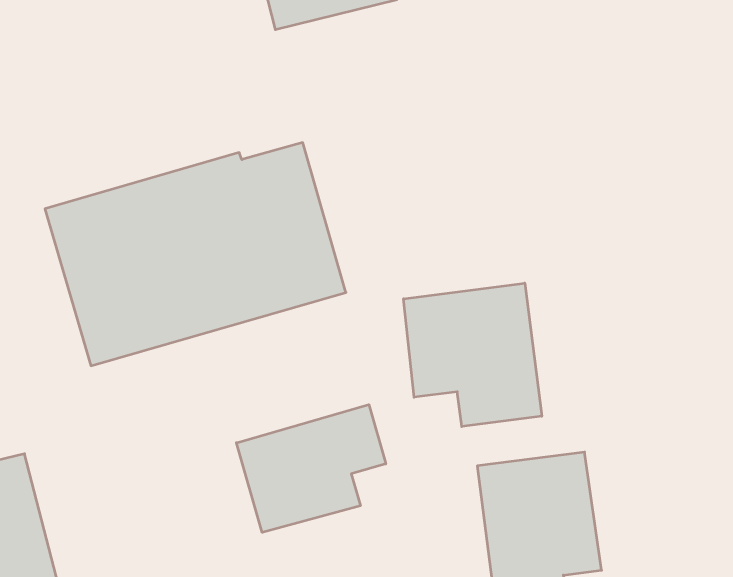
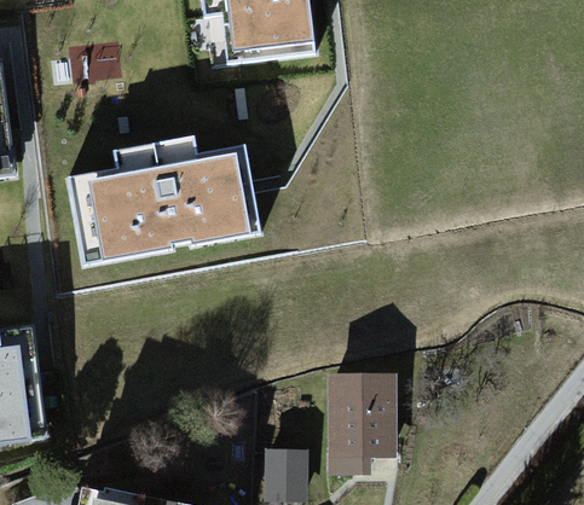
building: [404,283,542,427] -> none
building: [236,405,386,532] -> none

